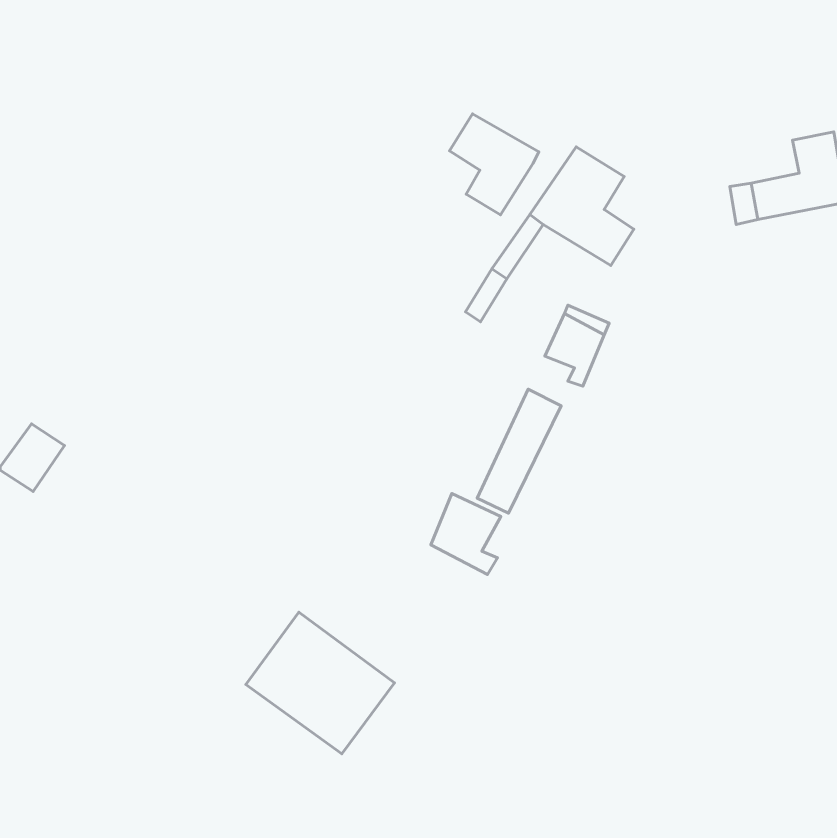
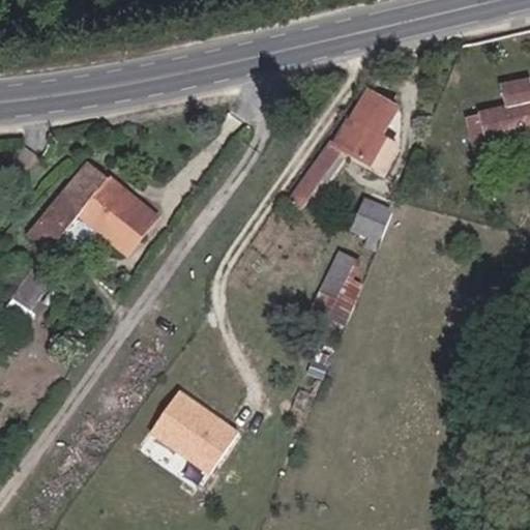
building: [450,114,539,215] -> none
building: none -> [27,160,158,258]
building: [431,493,501,574] -> none

